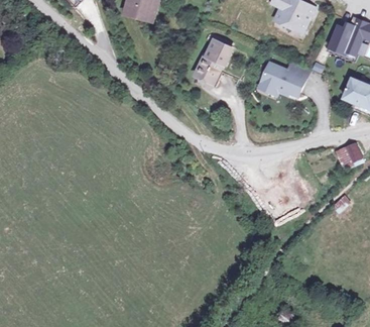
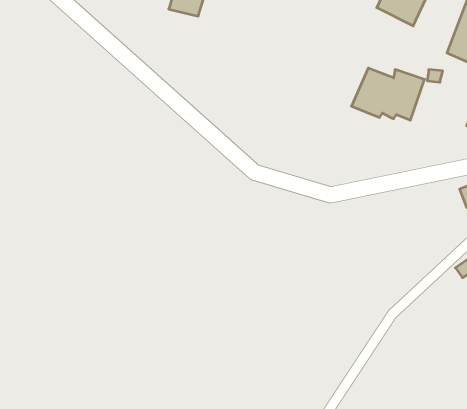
building: [196,42,235,82] -> none

